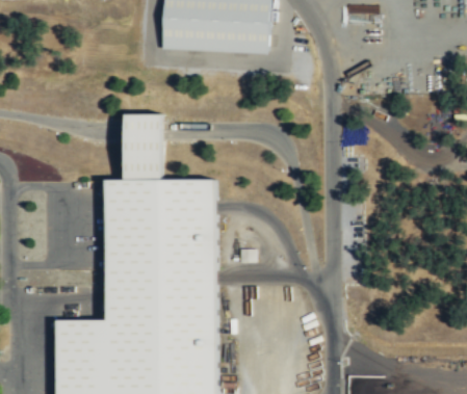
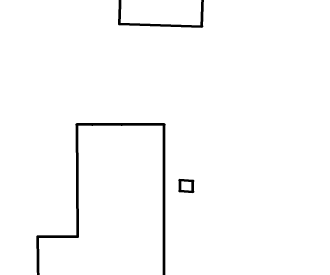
building: [125,111,163,179] -> none

